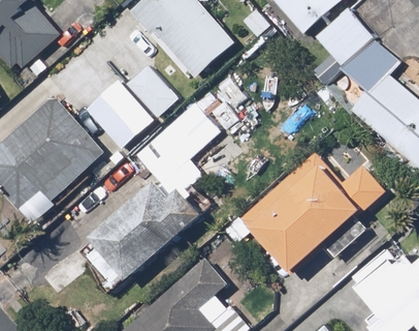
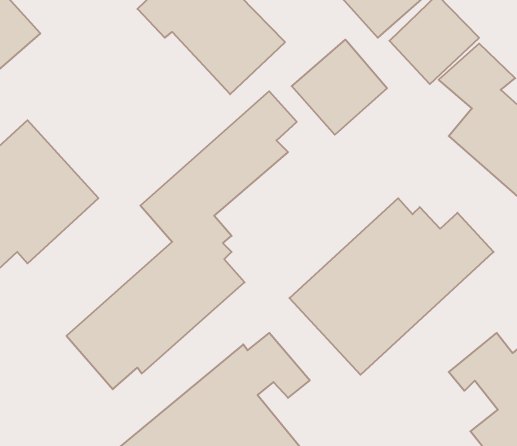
building: none -> [292,40,387,135]
building: [123,63,179,121] -> none
building: [73,65,150,146] -> none

